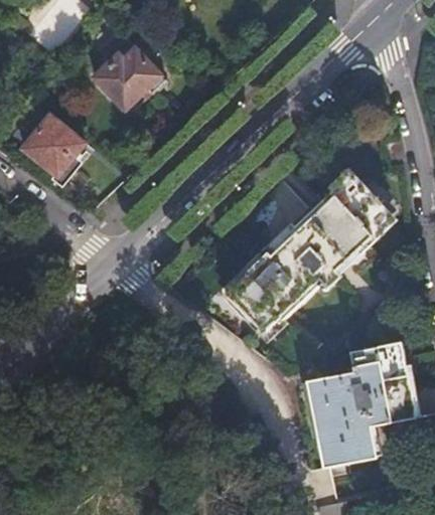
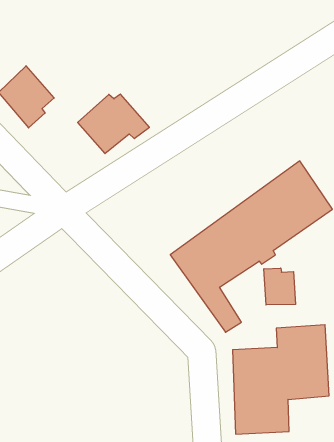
building: [95,44,170,109] -> [78,94,149,154]
building: none -> [264,268,296,305]

